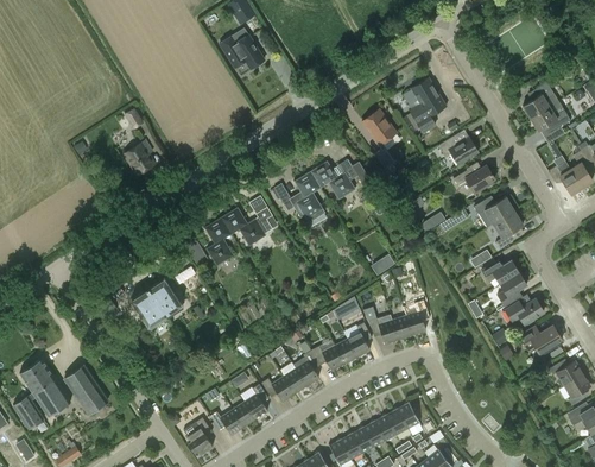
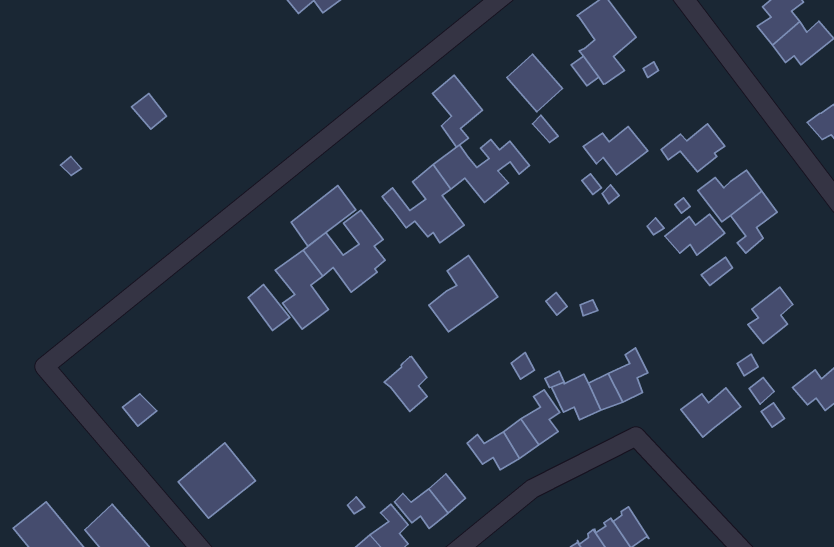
building: none -> [432,75,482,147]
building: [438,135,479,165] -> [583,127,648,175]
building: [122,139,156,175] -> none
building: none -> [291,186,356,246]
building: none -> [429,256,498,332]
building: [481,259,519,284] -> [665,214,725,255]
building: [132,278,181,324] -> [178,443,255,518]
building: [505,298,543,328] -> [681,388,741,437]
building: [292,349,319,384] -> [384,357,427,411]

